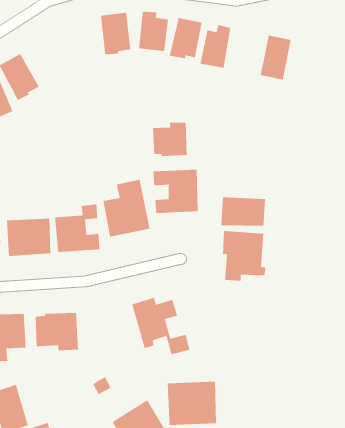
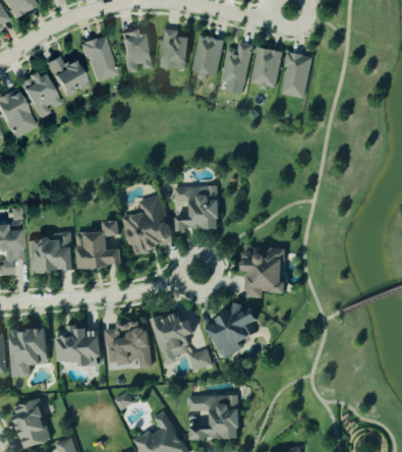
building: none -> [82,36,116,81]
building: none -> [249,46,281,90]
building: none -> [46,56,89,97]
building: [152,122,187,157] -> none
building: [220,197,266,227] -> none
building: none -> [205,303,257,358]
building: none -> [105,321,151,369]

